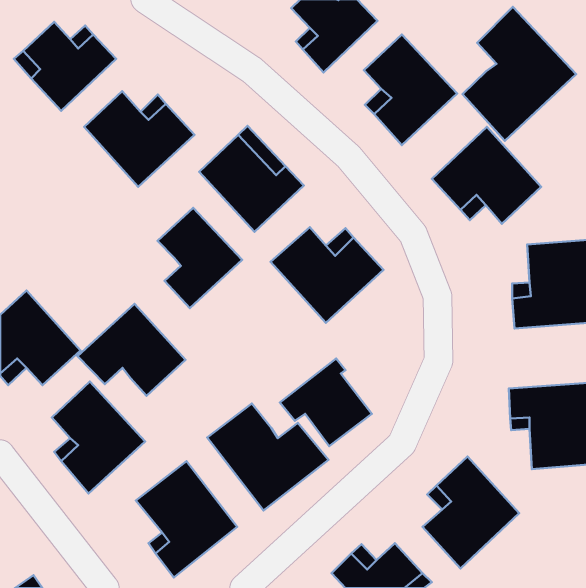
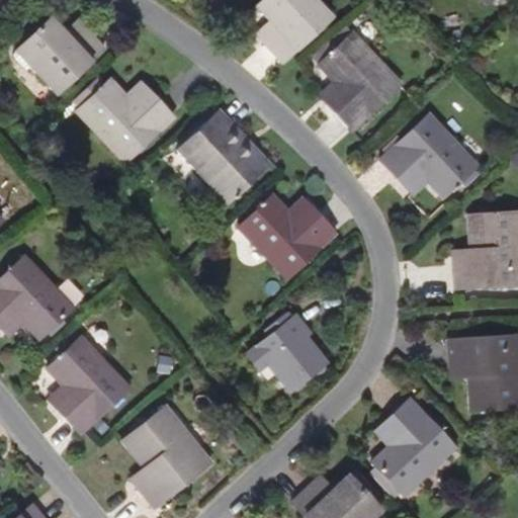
building: [463,7,576,141] -> none
building: [157,208,242,308] -> none
building: [78,304,185,396] -> none
building: [207,404,329,510] -> none

